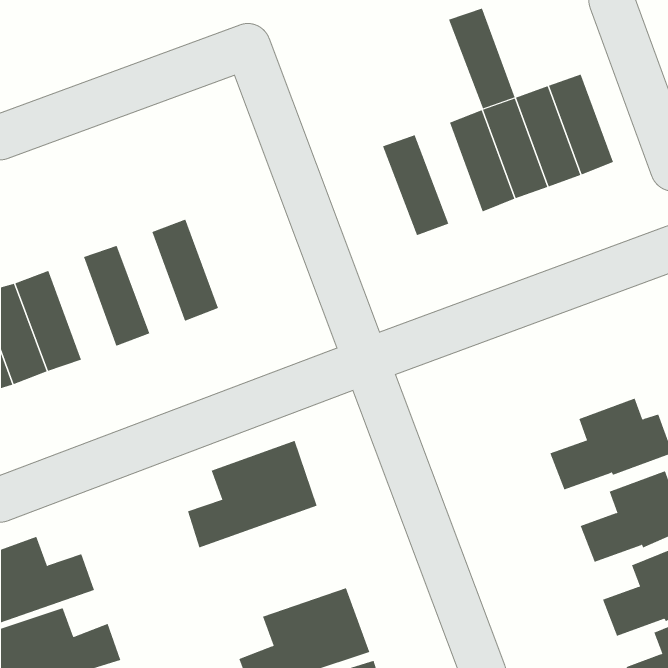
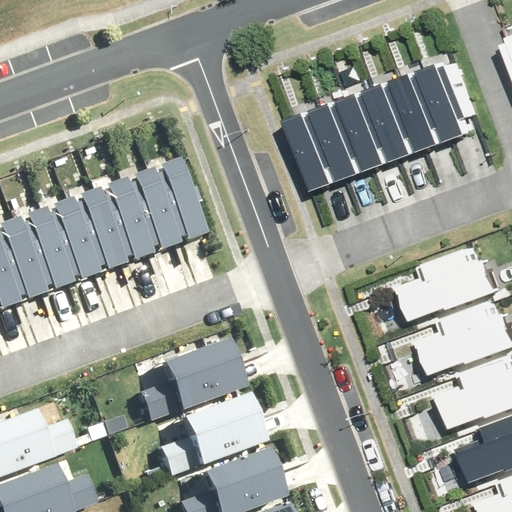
building: [448,8,515,109] -> [319,97,370,174]
building: none -> [145,161,196,238]
building: none -> [93,180,144,257]
building: none -> [41,199,92,277]
building: none -> [400,258,493,328]
building: none -> [164,391,264,472]

